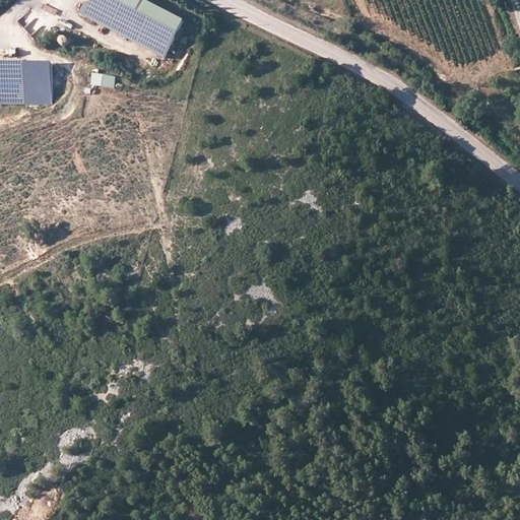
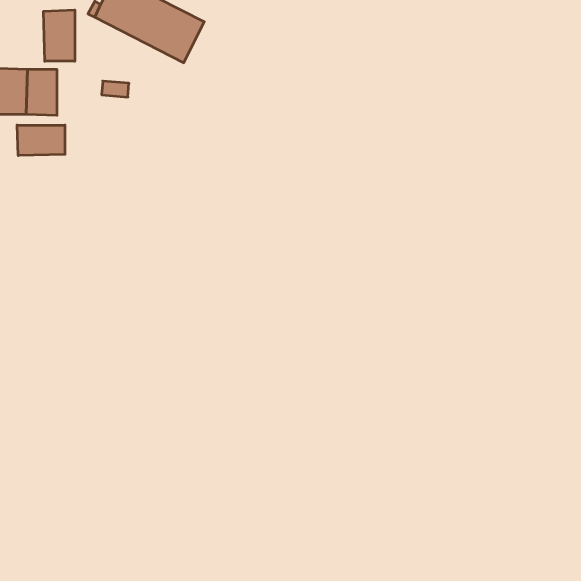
building: none -> [44,10,75,61]
building: none -> [17,125,65,156]

